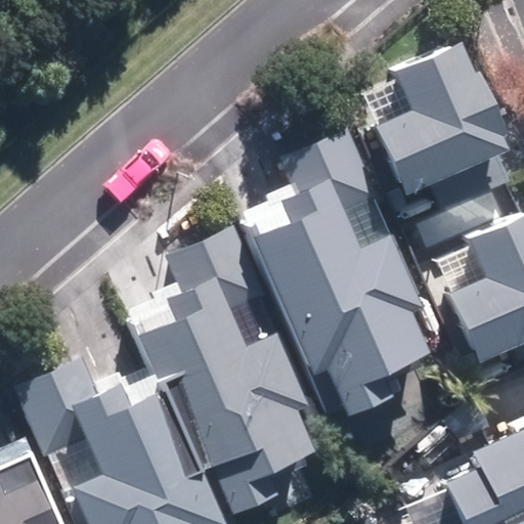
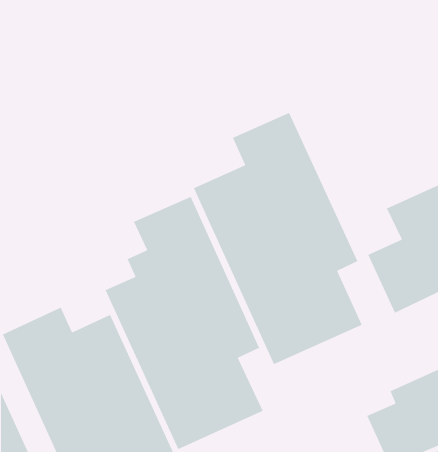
building: [368,43,505,198] -> none

